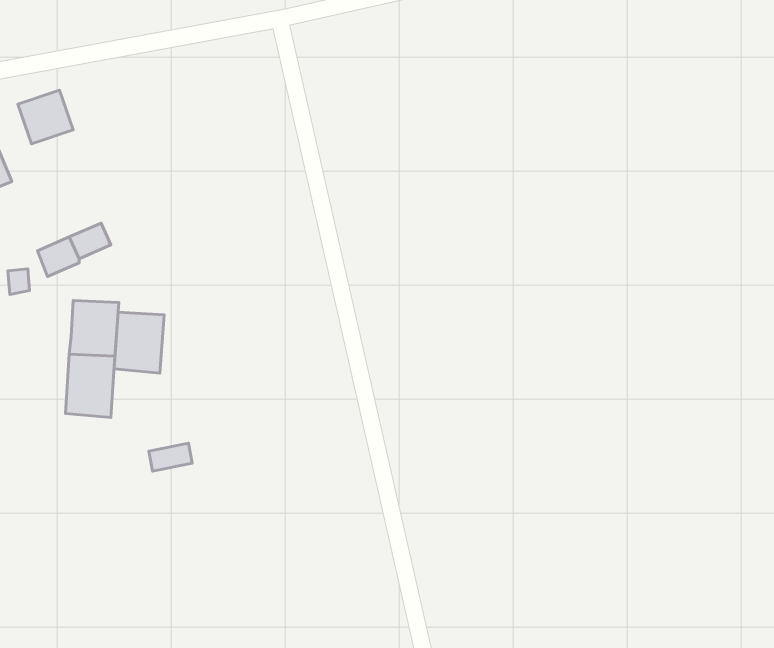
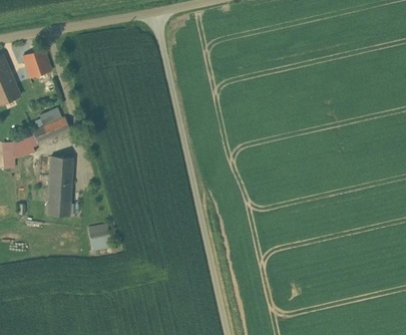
building: [114,312,164,373] -> none

